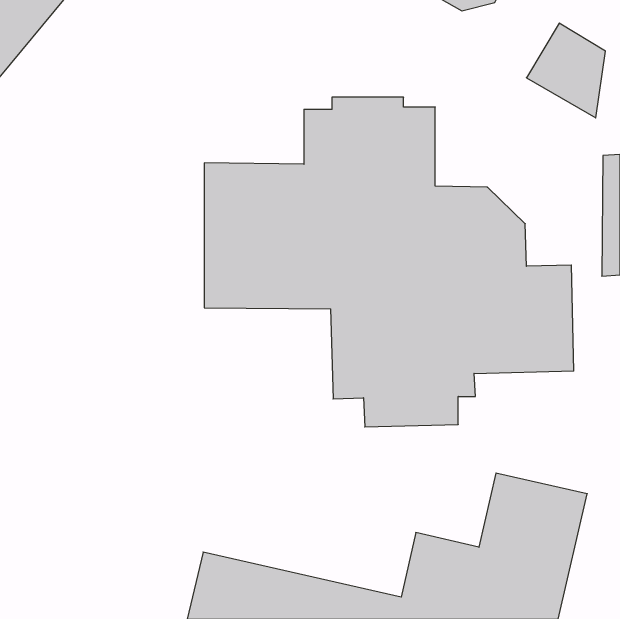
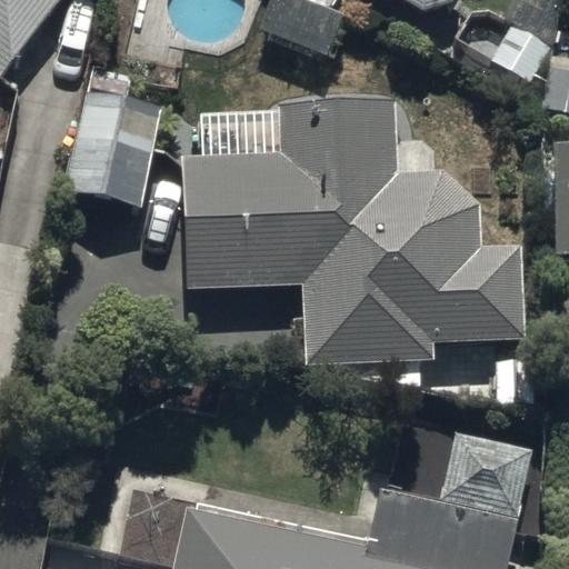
building: none -> [60,90,162,207]

